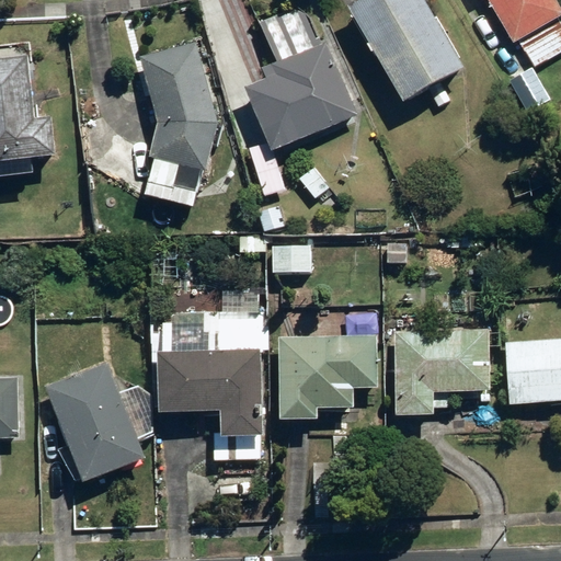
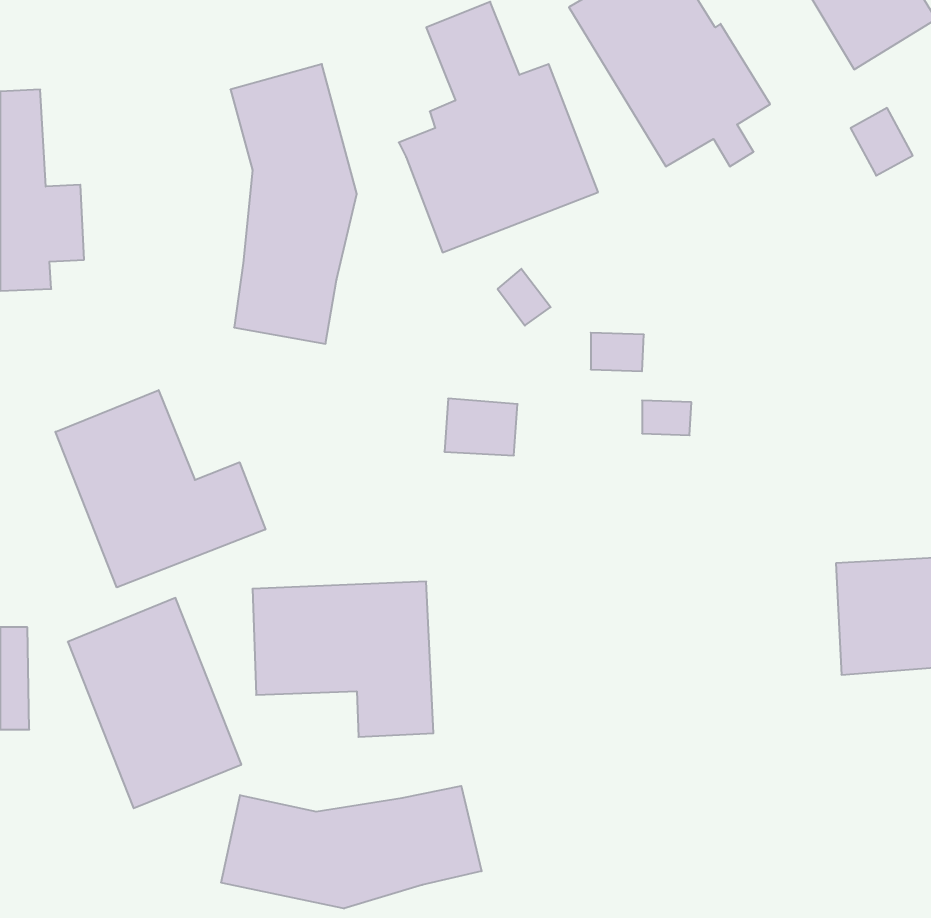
building: none -> [55,390,265,587]
building: [392,328,489,417] -> none
building: [277,332,378,422] -> none
building: none -> [221,786,482,909]

